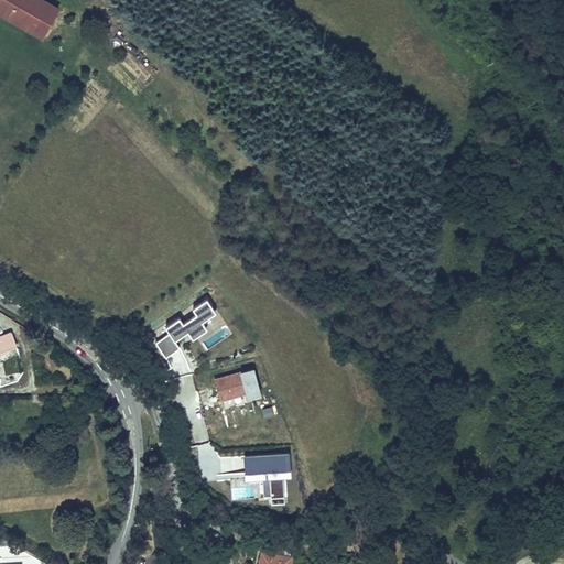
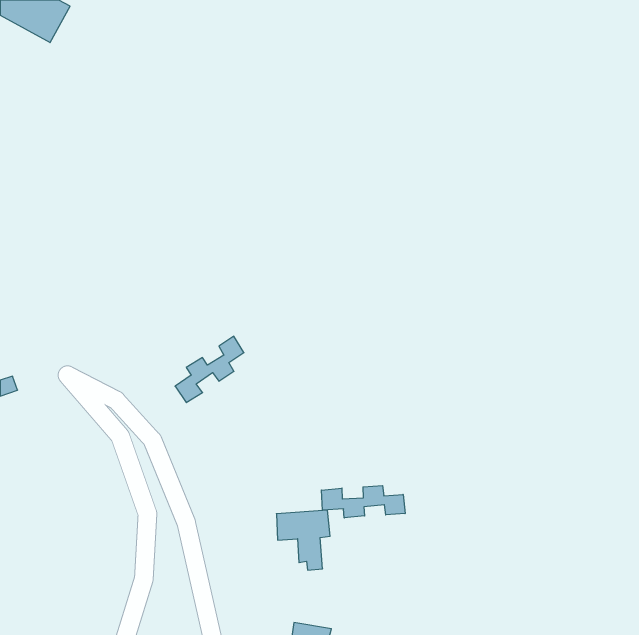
building: [214,369,261,402] -> none
building: none -> [321,486,405,518]

